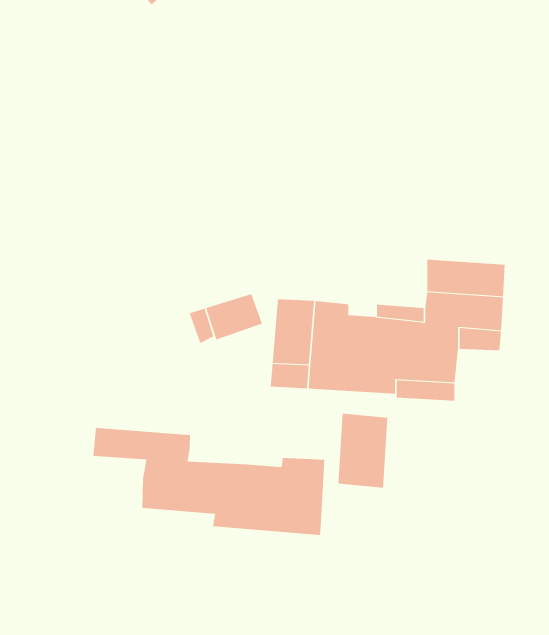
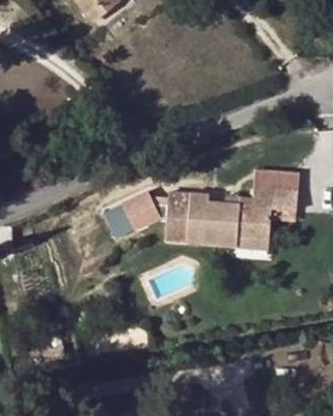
building: [338,413,388,489] -> none
building: [93,427,325,536] -> none

